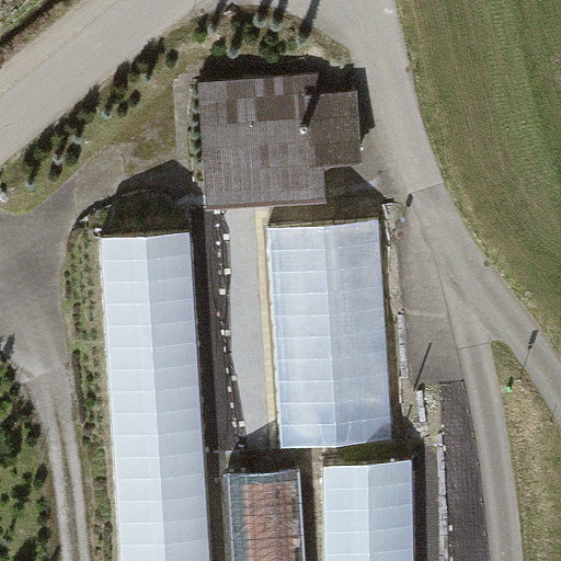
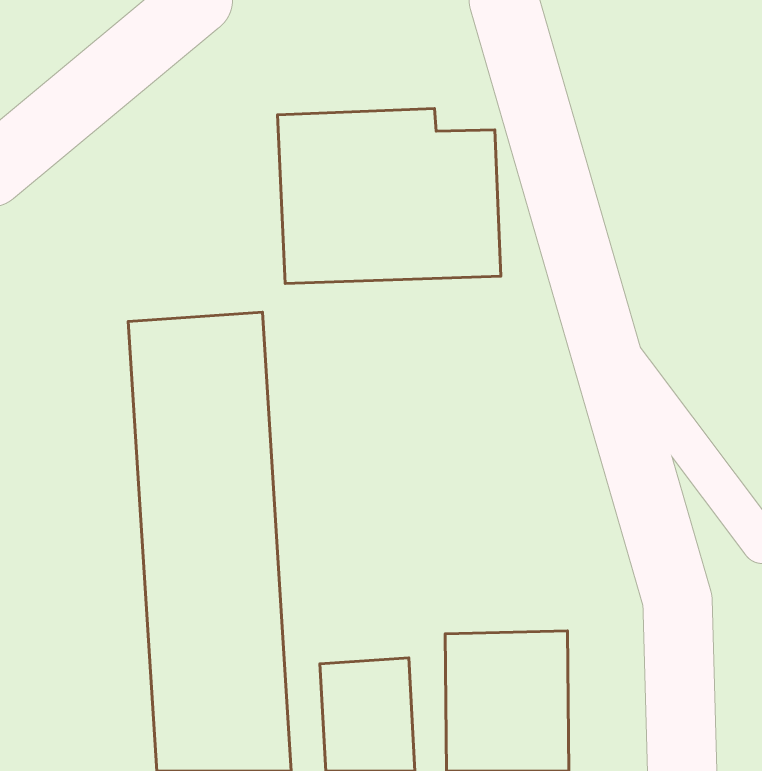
building: [266,227,388,449] -> none

